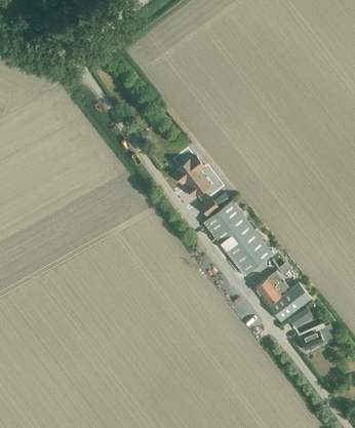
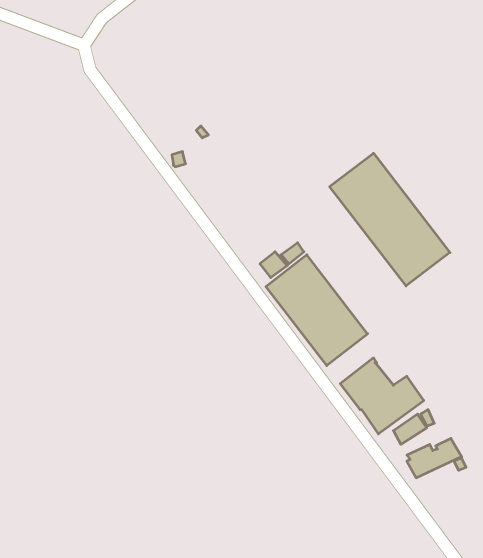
building: none -> [330,153,450,286]
building: [173,156,210,196] -> none

